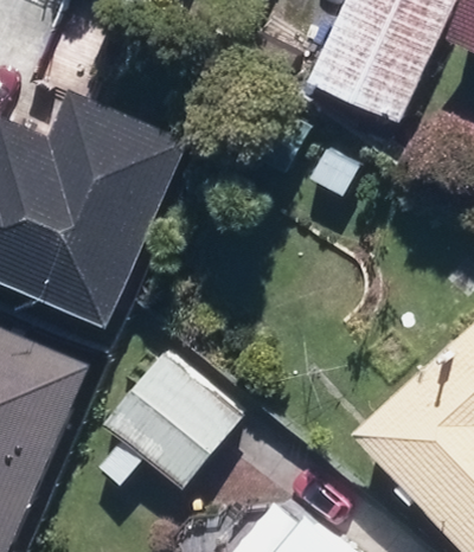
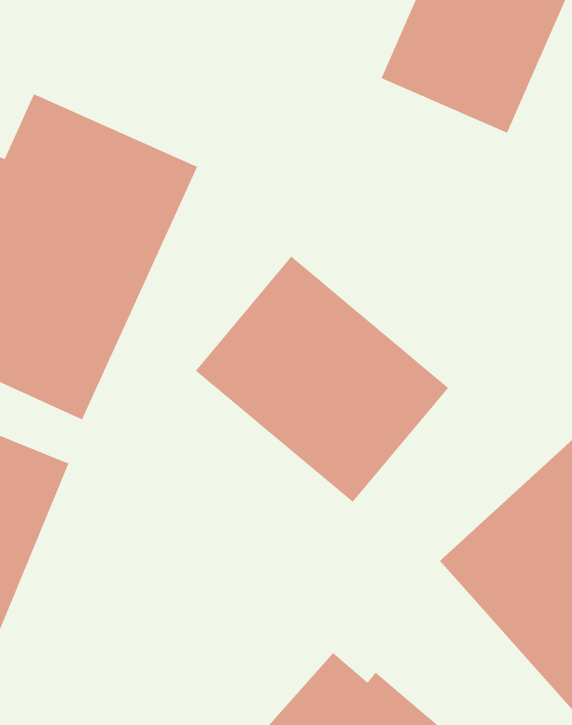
building: none -> [195,256,449,503]
building: [101,349,248,487] -> none

